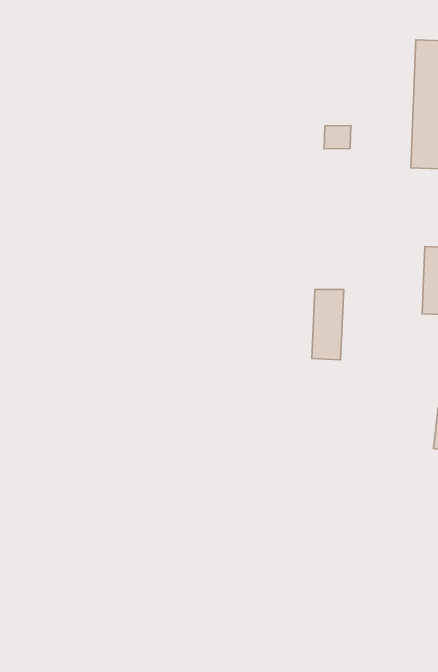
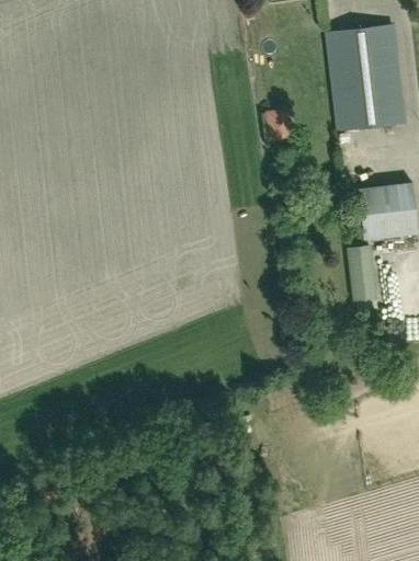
building: [312,290,344,360] -> [348,244,375,300]

